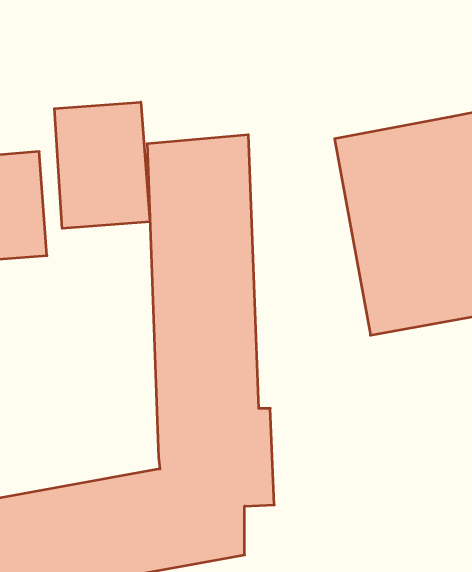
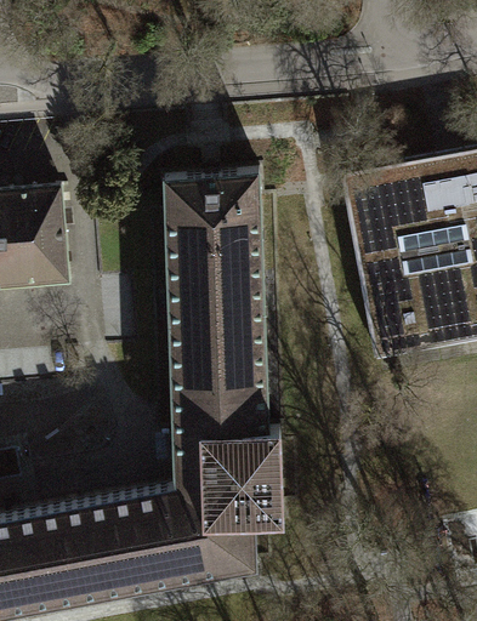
building: [54,102,150,228] -> none

